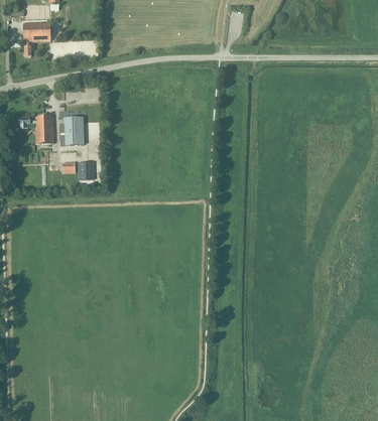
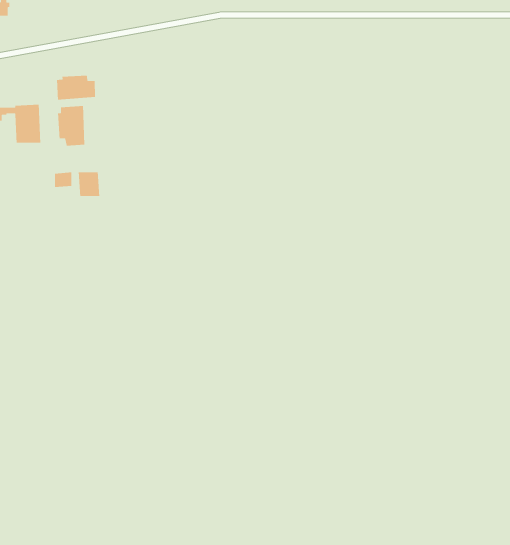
building: none -> [56,75,96,100]

